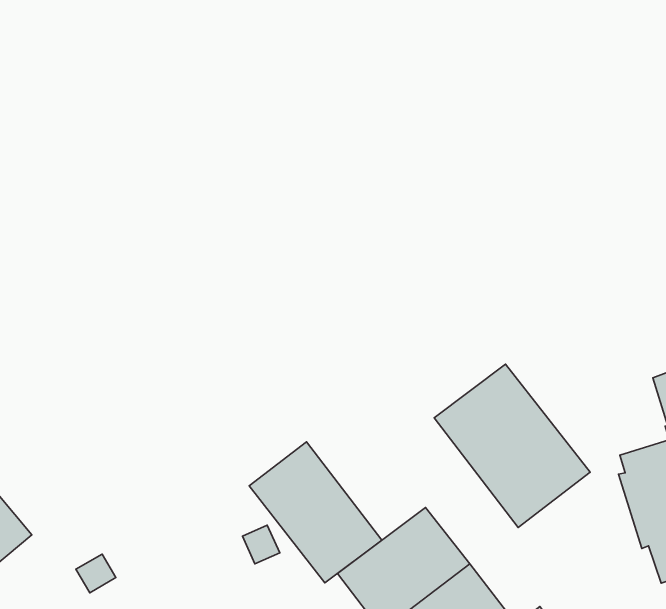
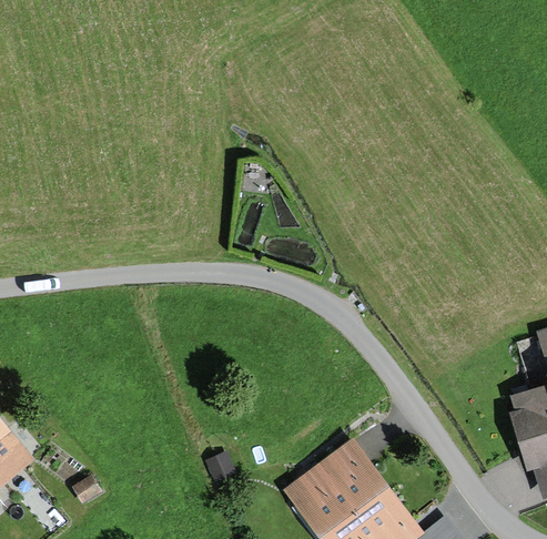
building: [434,364,590,527] -> none
building: [249,442,382,583] -> none

